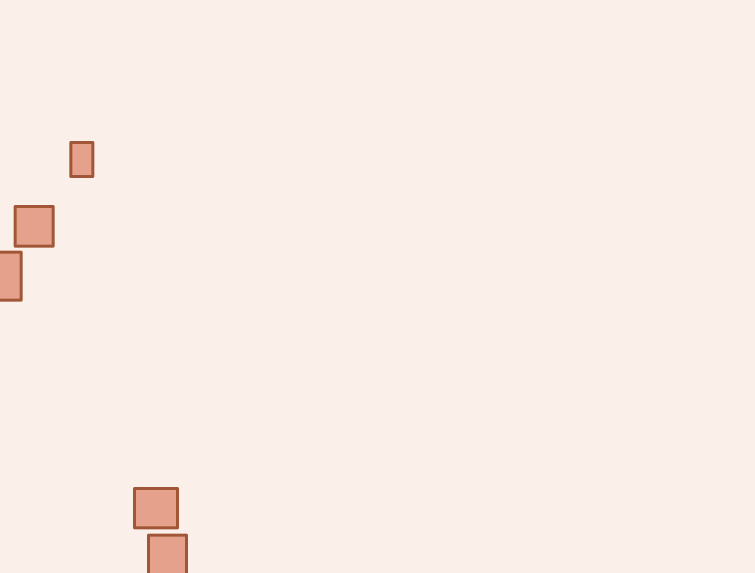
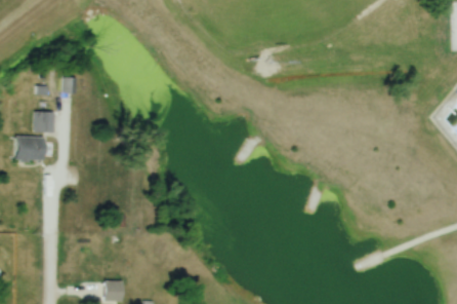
building: [134,489,177,528] -> none

